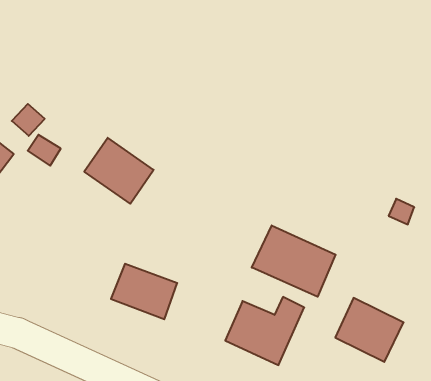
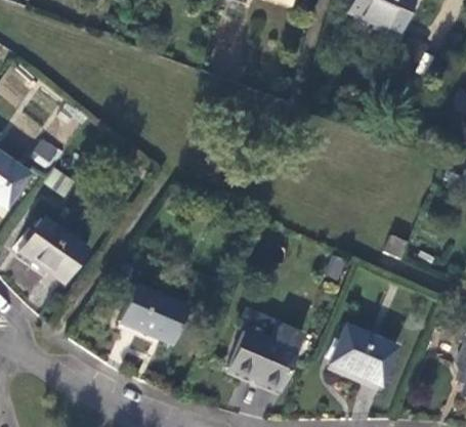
building: [84,138,154,204] -> [19,228,86,292]
building: [252,225,336,297] -> none

